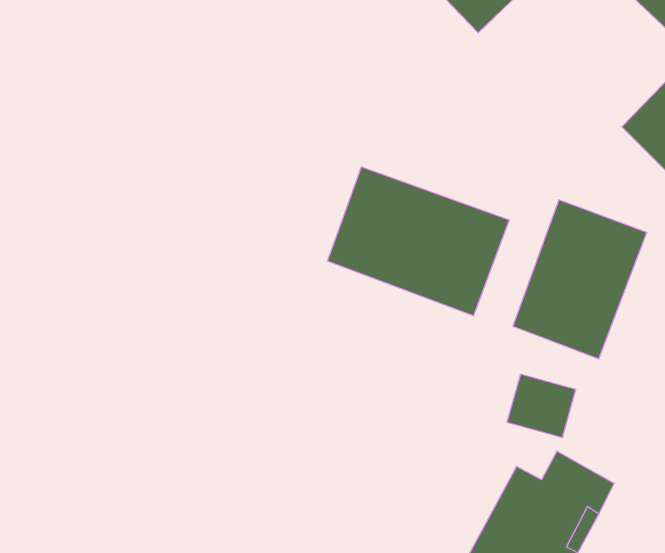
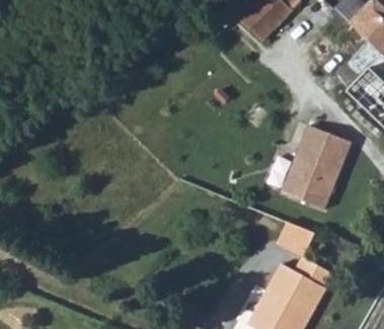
building: [328,167,509,316] -> none

